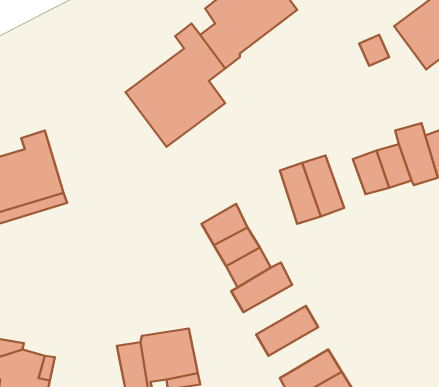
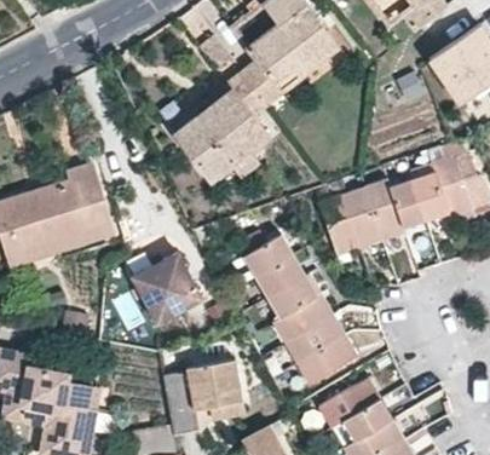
building: none -> [364,180,405,240]
building: none -> [132,253,202,324]
building: none -> [284,315,345,363]

